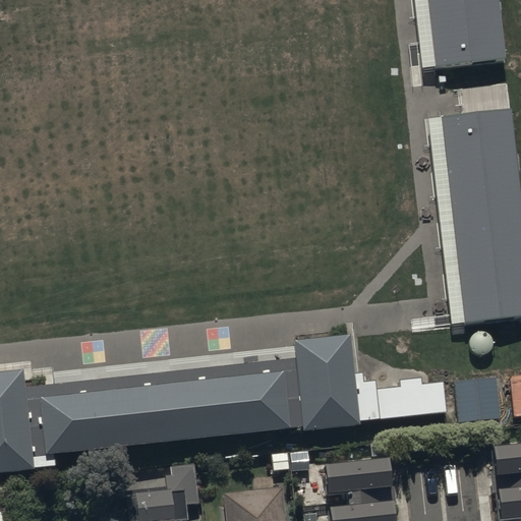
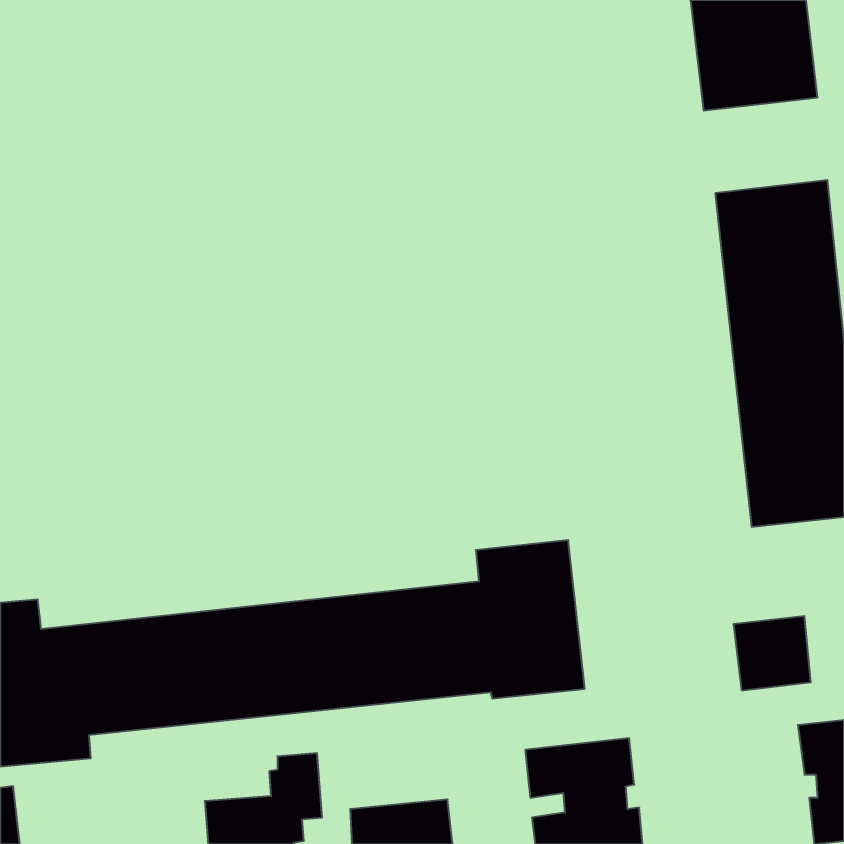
building: [359,385,445,423] -> none

